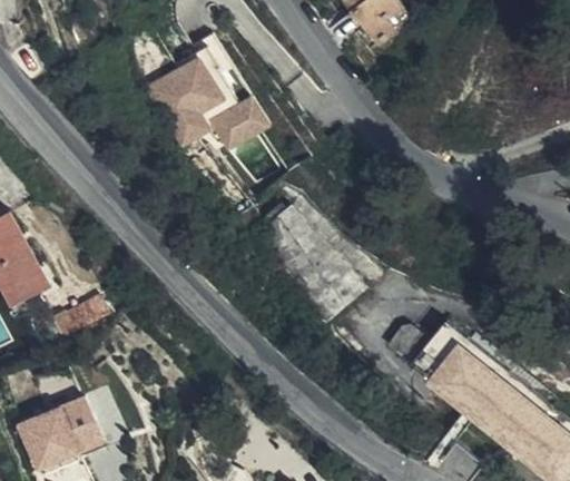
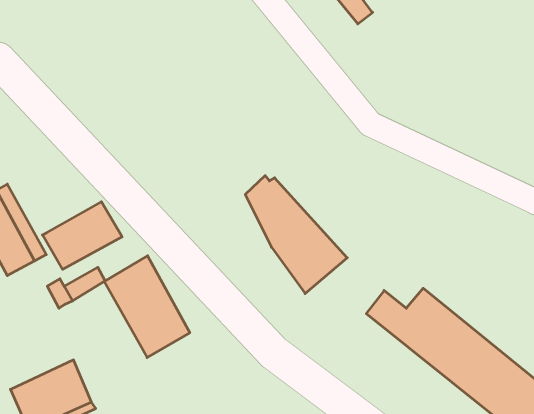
building: [142,45,273,150] -> none
building: none -> [42,202,122,269]
building: none -> [104,256,190,358]

